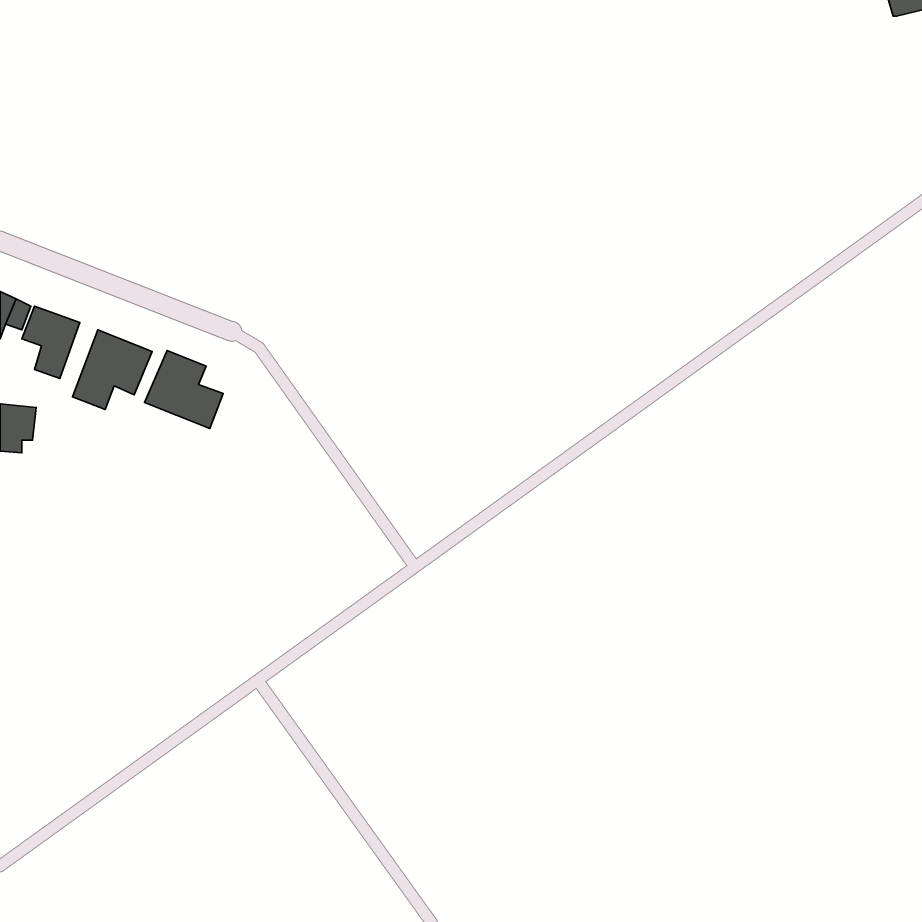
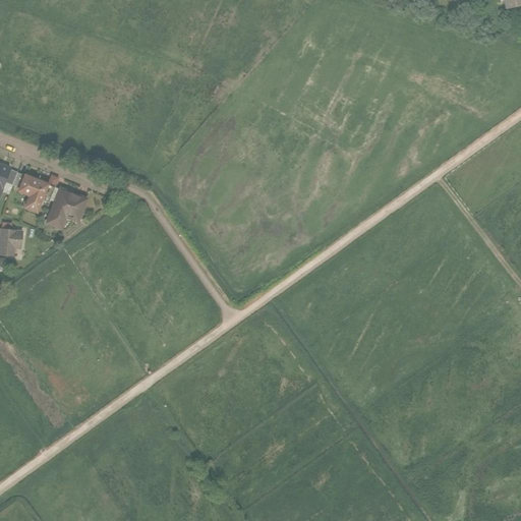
building: [145,350,223,429] -> none

